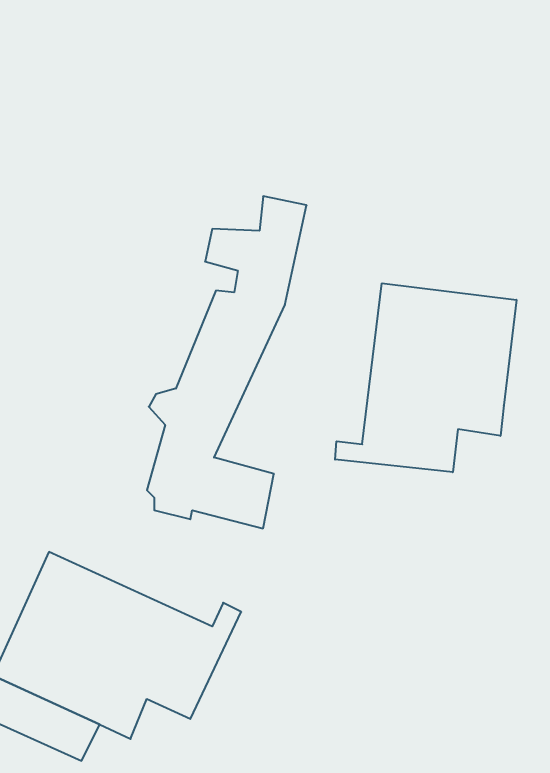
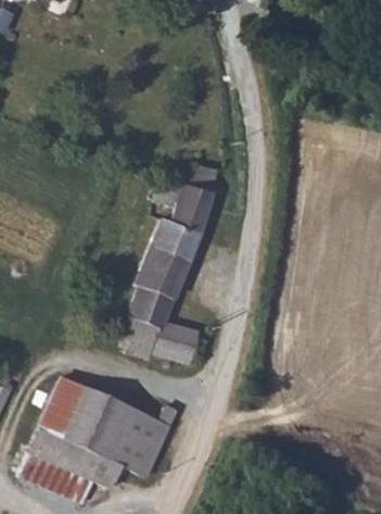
building: [335,283,516,472] -> none

